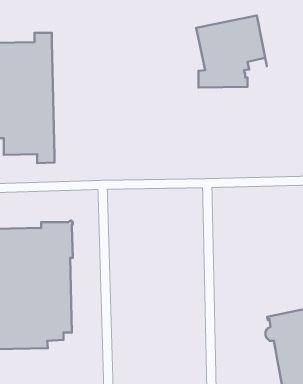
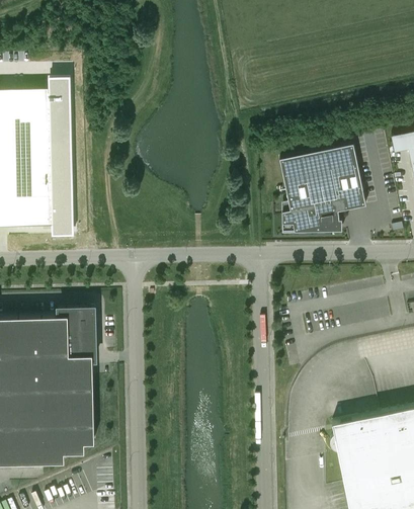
building: [196,15,267,88] -> [279,147,365,235]

